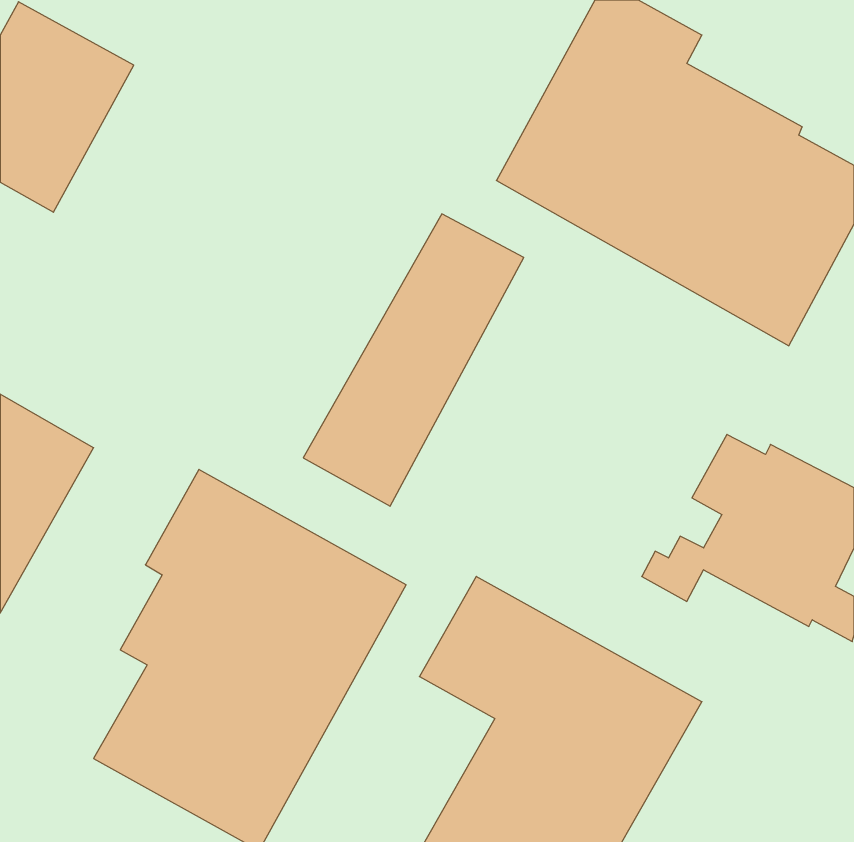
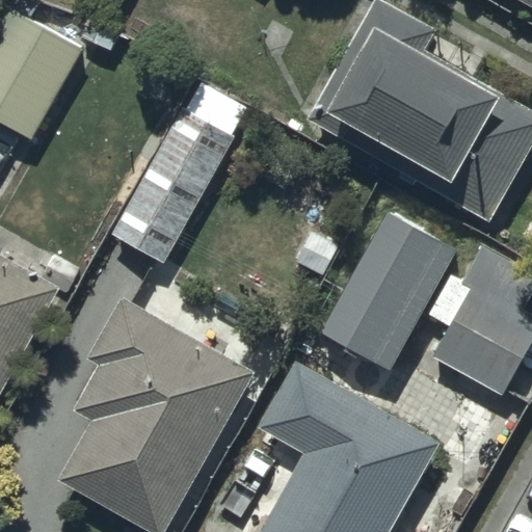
building: [303,214,524,506] -> [112,82,249,264]
building: none -> [321,210,457,368]

